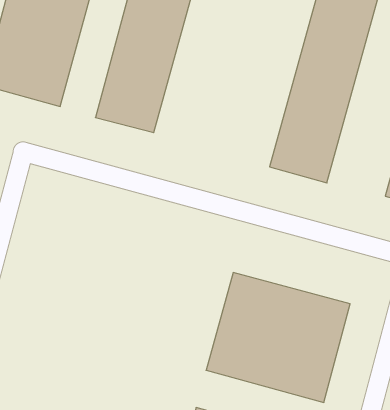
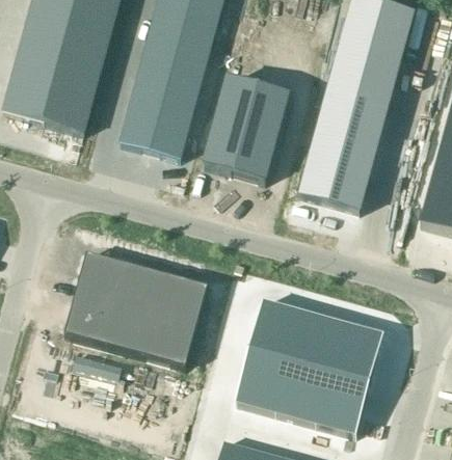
building: none -> [202,77,289,182]
building: none -> [63,252,207,367]

